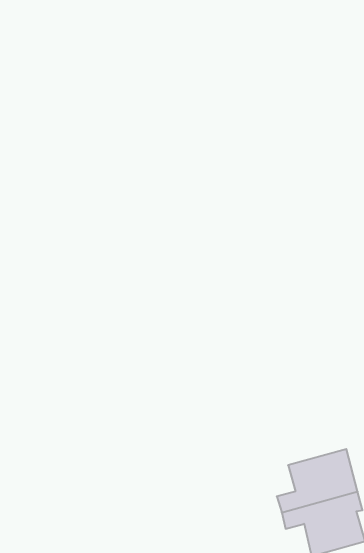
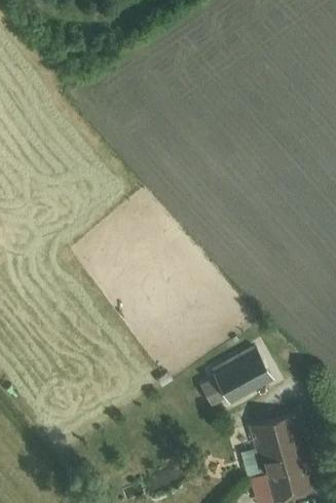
building: none -> [214,352,272,404]

